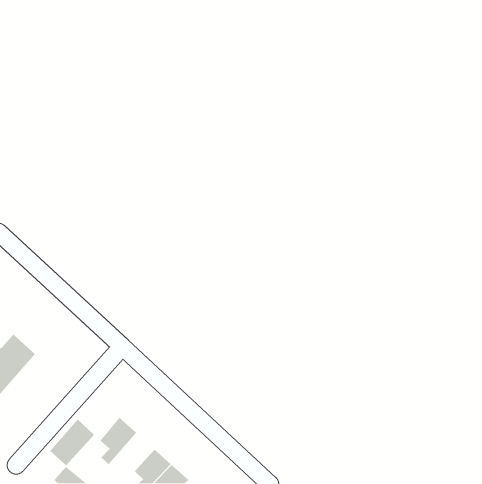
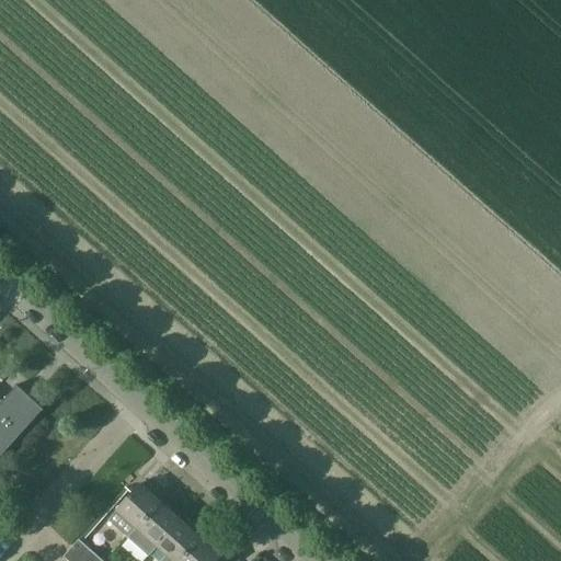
building: [49,419,95,466] -> [126,501,179,556]

